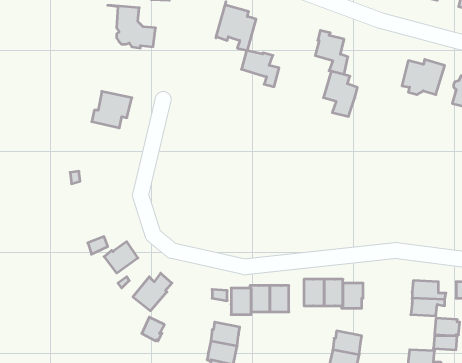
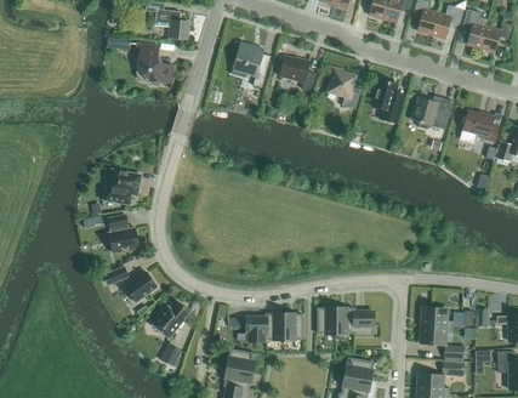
building: [241,50,279,87] -> [279,56,315,91]
building: [323,71,357,116] -> [371,79,404,123]
building: [92,91,132,128] -> [102,169,141,204]
building: none -> [108,214,140,251]

